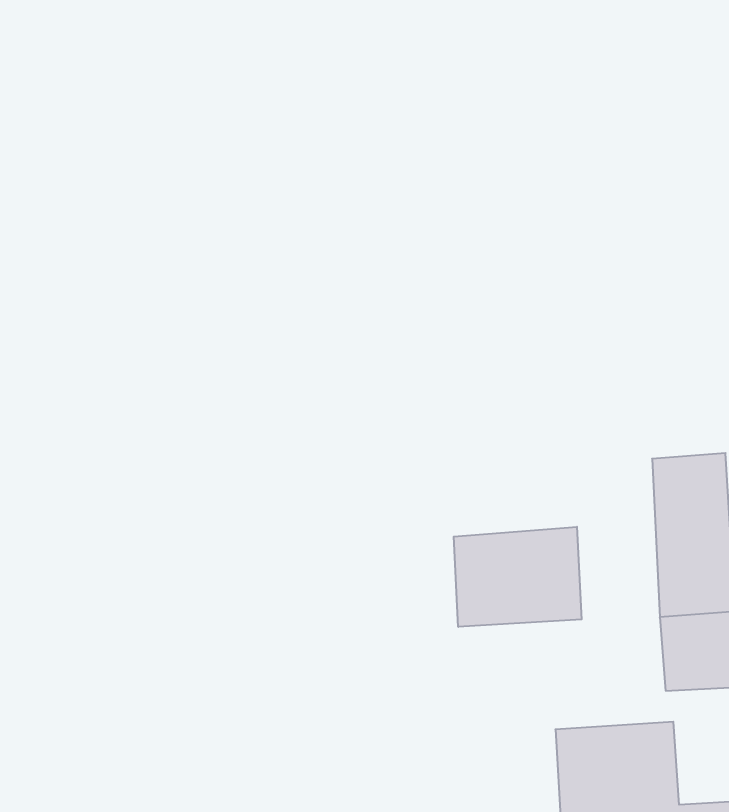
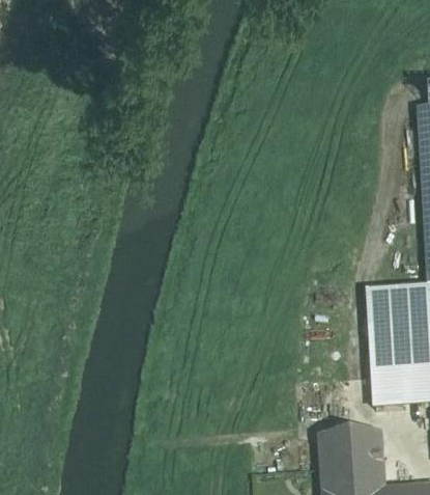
building: [454,527,582,627] -> none

